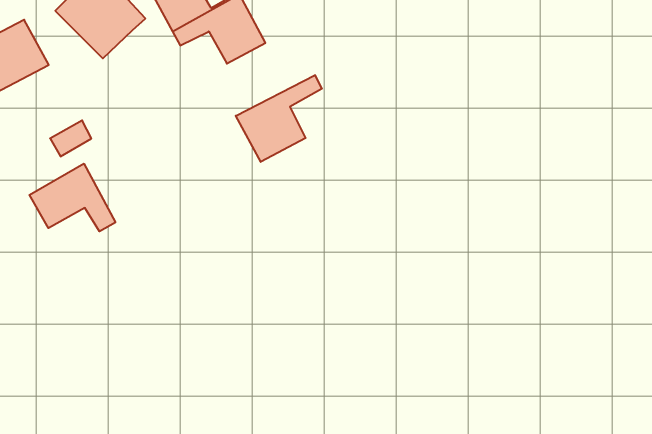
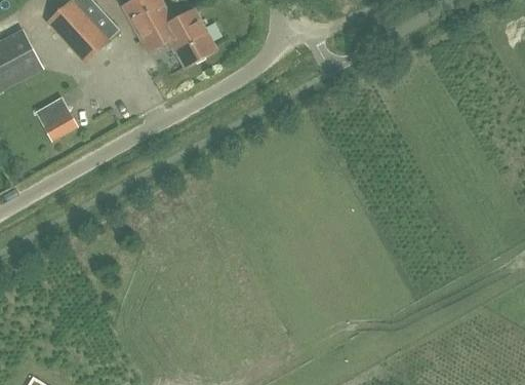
building: [236,75,322,162] -> none
building: [29,164,115,231] -> none

